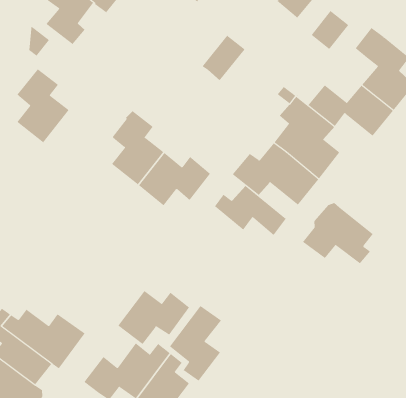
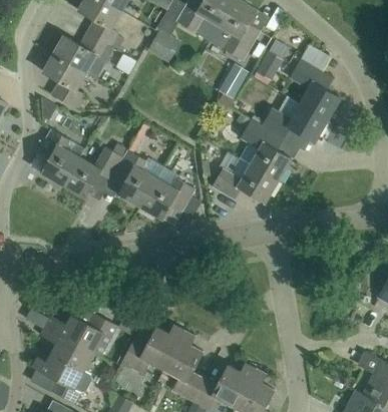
building: [202,35,246,81] -> [218,63,249,99]
building: none -> [63,146,123,197]
building: [214,184,286,236] -> none
building: [302,202,373,264] -> none
building: [118,290,190,345] -> none
building: [169,305,222,381] -> none

